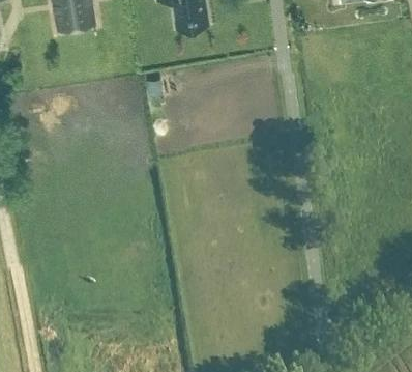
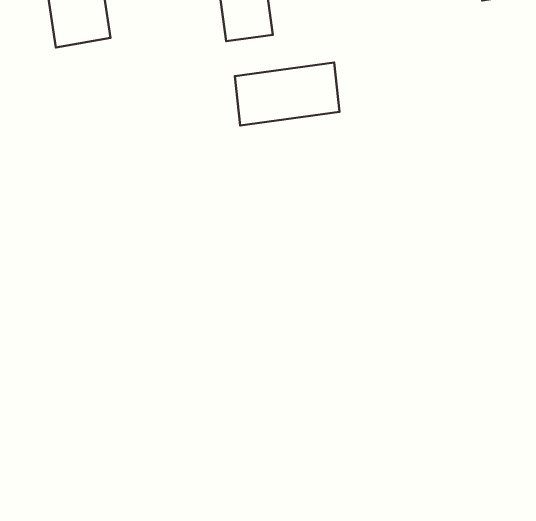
building: none -> [235,63,339,126]

